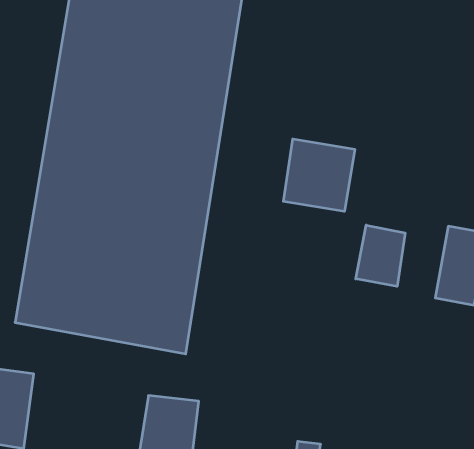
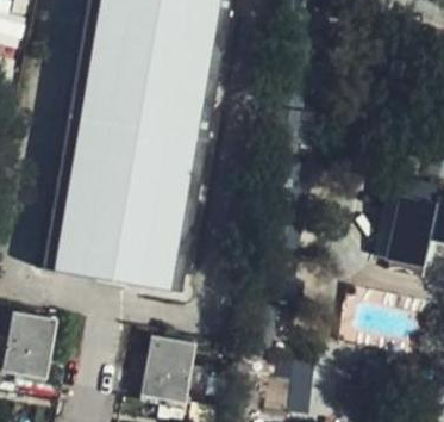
building: [283,139,355,211] -> none
building: [356,225,405,286] -> none

